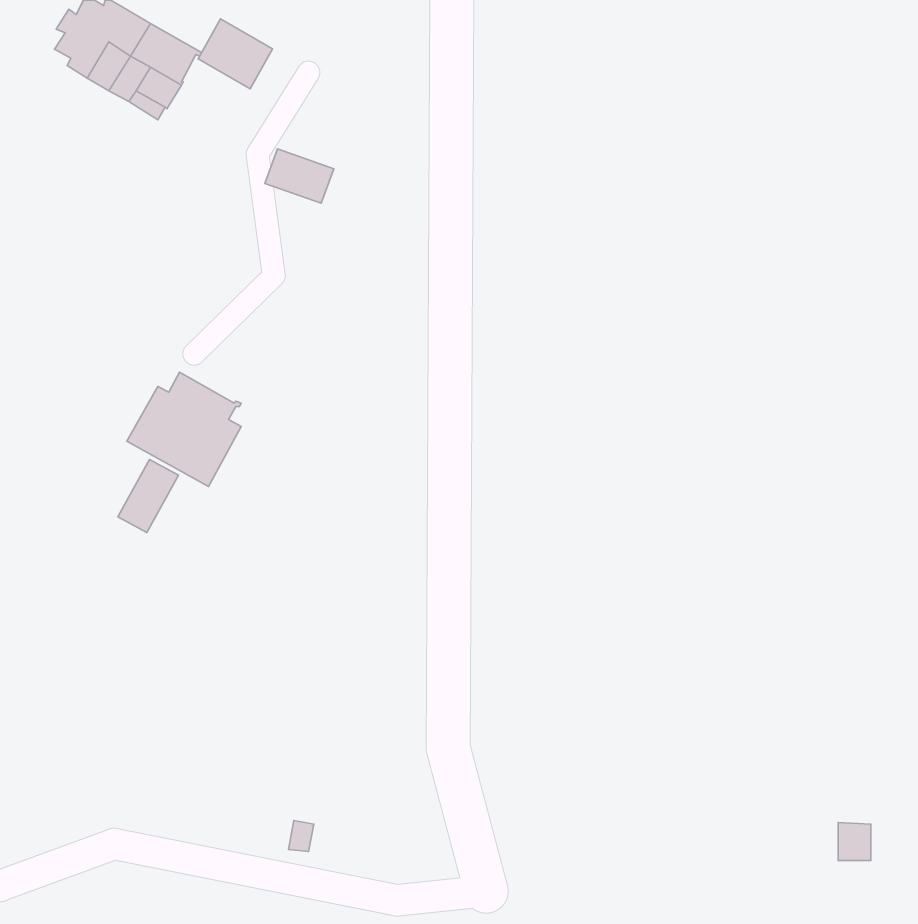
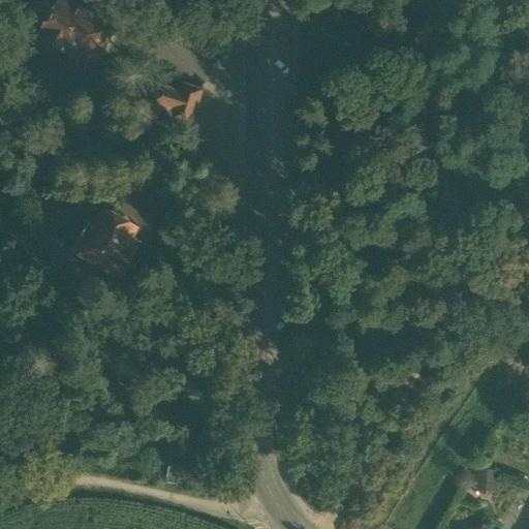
building: [198,19,273,89] -> none
building: [118,460,179,533] -> none

